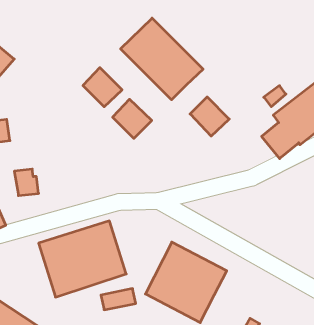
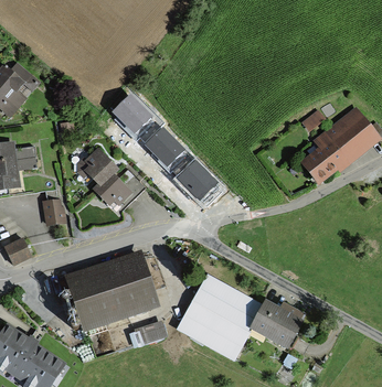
building: [121,18,203,100] -> none
building: [190,97,229,136] -> [177,159,217,200]
building: none -> [76,147,132,206]
building: none -> [250,298,304,348]

